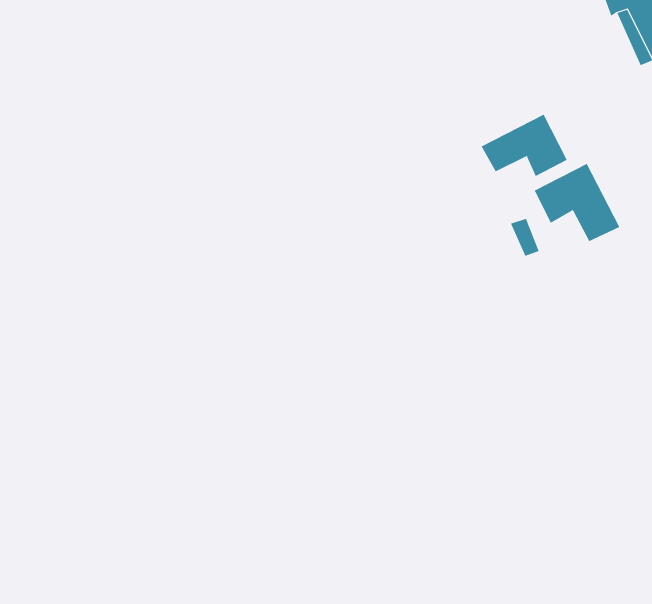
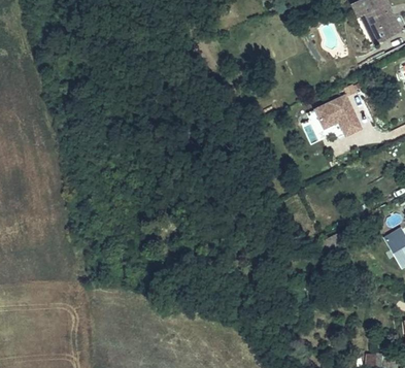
building: [481,114,567,177] -> none

